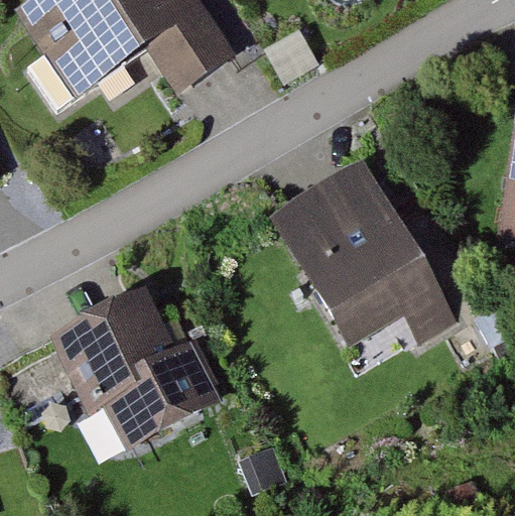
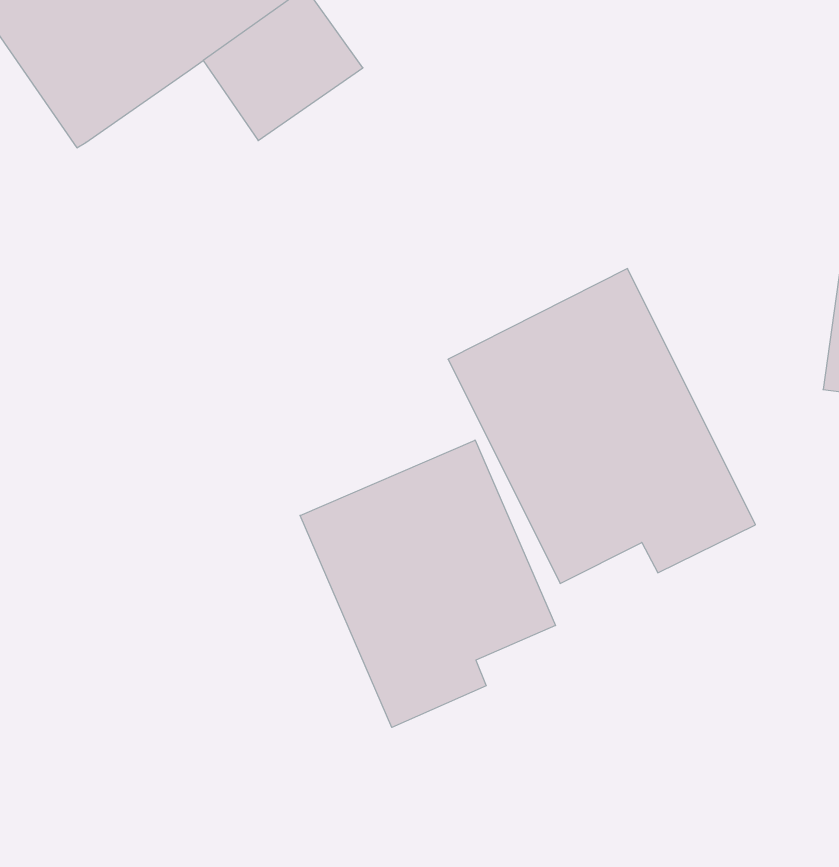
building: none -> [300,440,555,727]
building: [60,291,225,447] -> none

